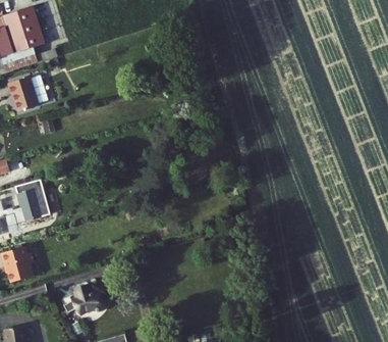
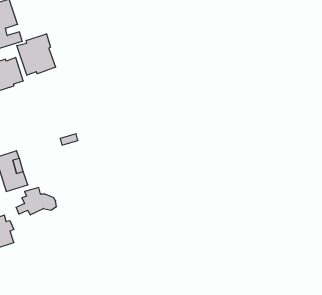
building: none -> [17,34,56,75]
building: [64,290,108,320] -> [16,188,57,215]

